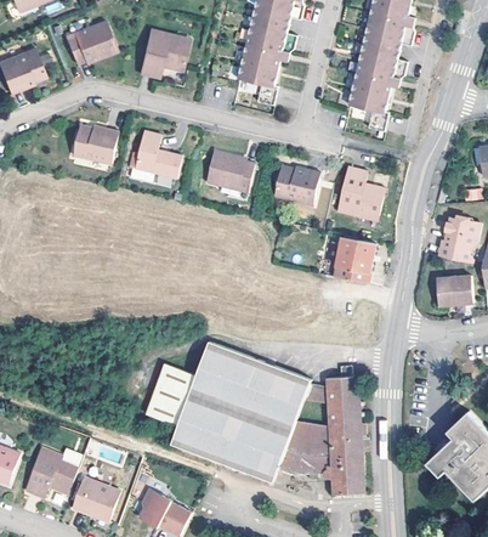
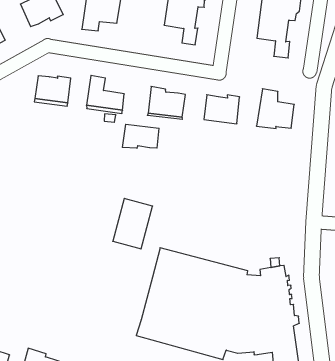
building: none -> [122,124,159,148]
building: [334,237,376,286] -> none
building: [146,363,197,425] -> [113,198,153,249]

